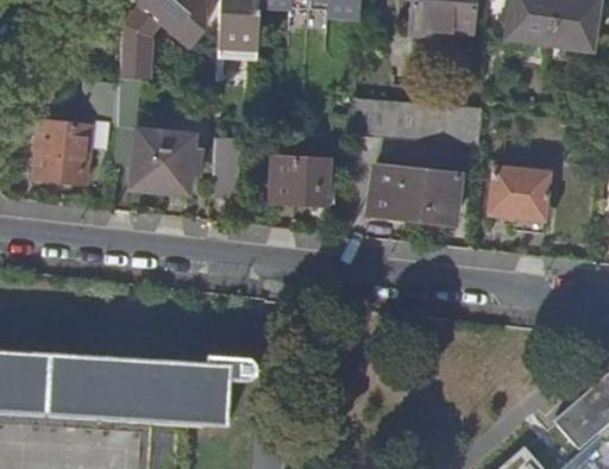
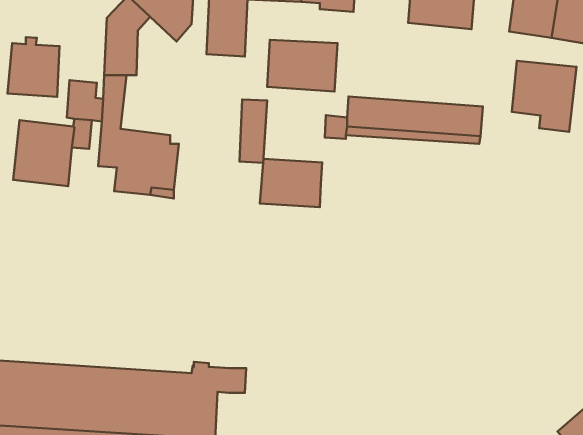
building: none -> [8,37,60,97]
building: none -> [267,40,337,91]
building: [212,137,238,198] -> [240,99,267,163]
building: [369,165,458,224] -> none
building: [489,165,551,233] -> [512,61,577,132]

